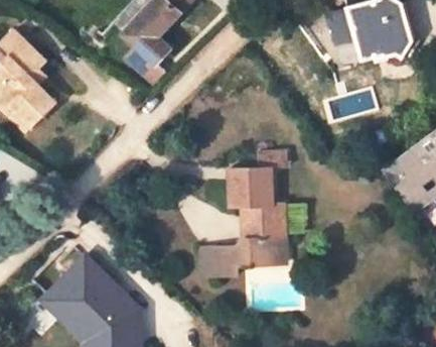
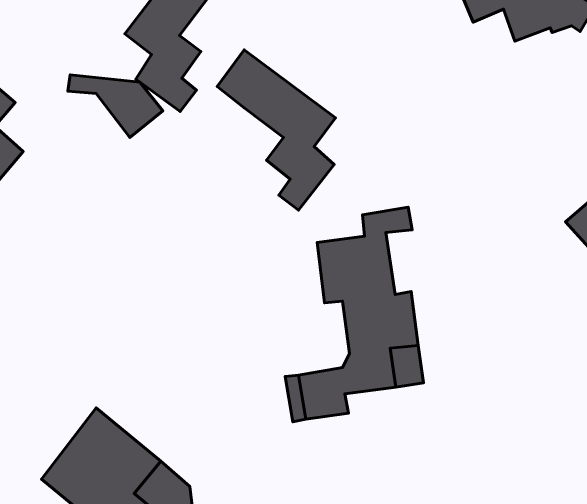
building: none -> [217,50,335,210]
building: none -> [68,75,163,138]

